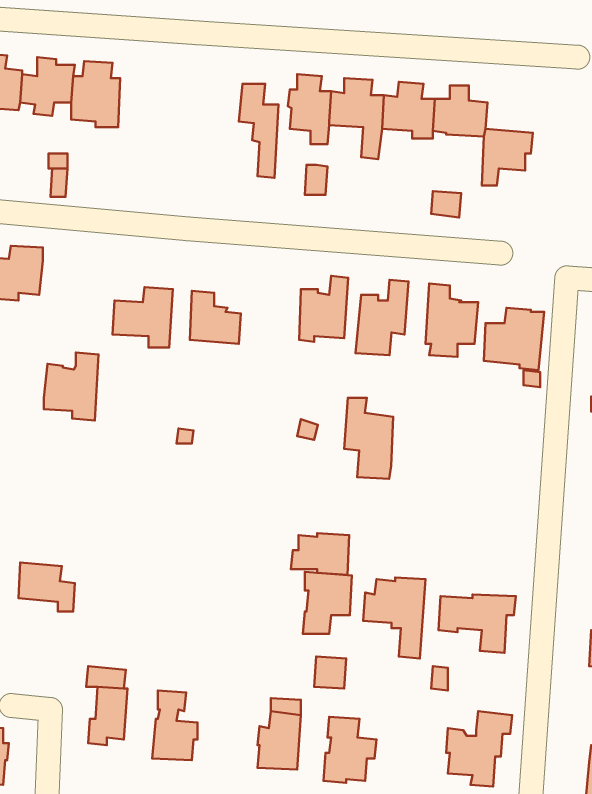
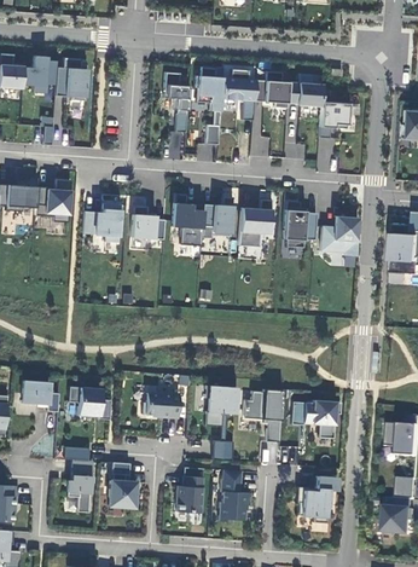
building: [44,353,98,420] -> [35,179,70,222]
building: [344,398,393,479] -> [172,193,203,245]
building: [291,533,349,575] -> [141,392,179,418]
building: none -> [68,384,110,418]

